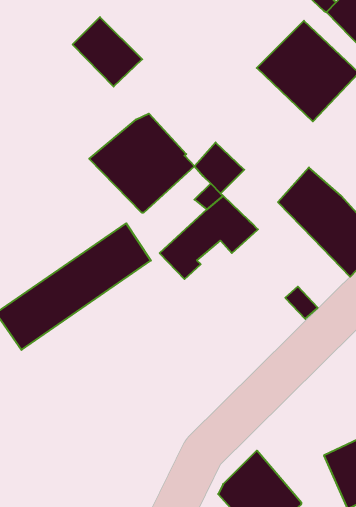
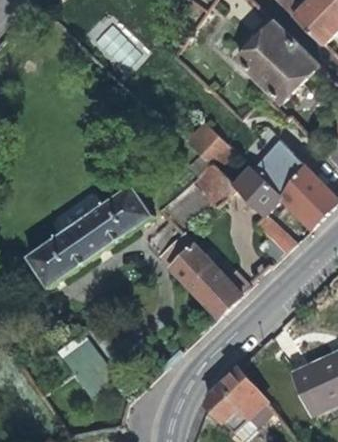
building: [89,114,194,213] -> none
building: none -> [233,165,282,217]
building: none -> [159,232,251,318]
building: none -> [58,333,116,398]

